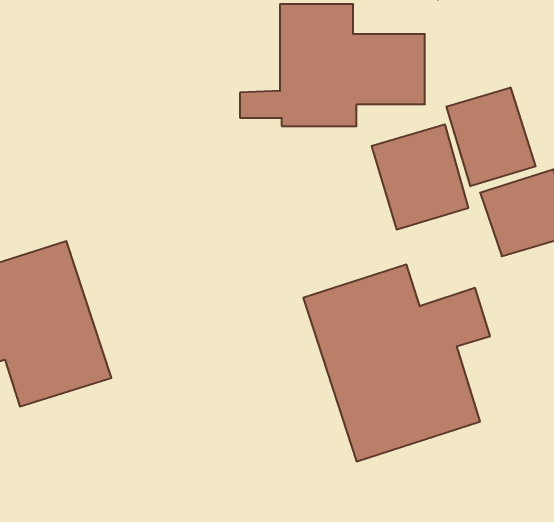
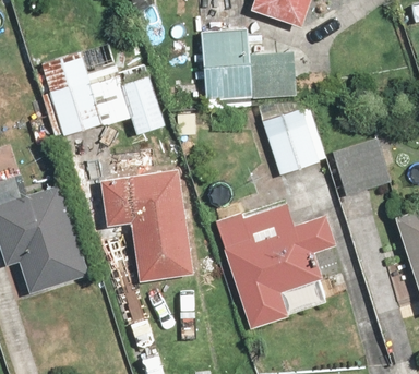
building: none -> [40,55,163,138]
building: [447,87,536,186] -> none
building: none -> [100,168,194,281]

